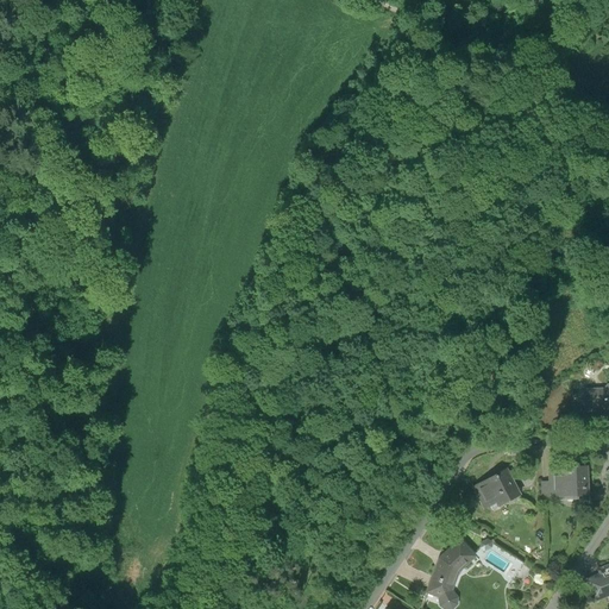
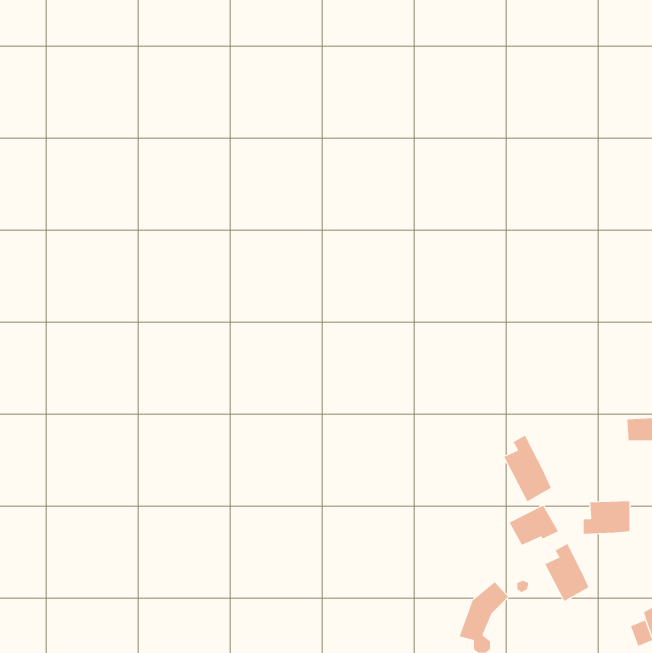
building: none -> [503,435,552,502]
building: none -> [544,543,589,602]

